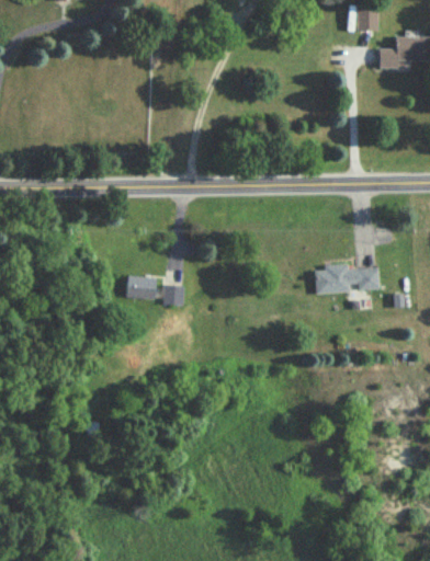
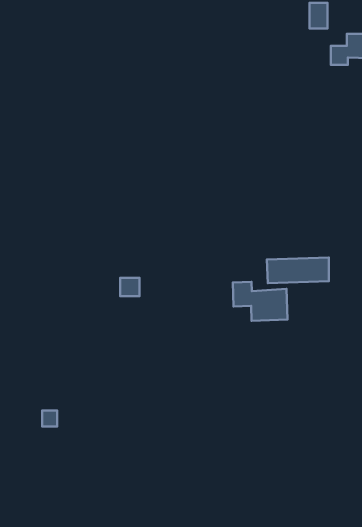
building: [126,277,155,299] -> none
building: none -> [233,282,288,321]

